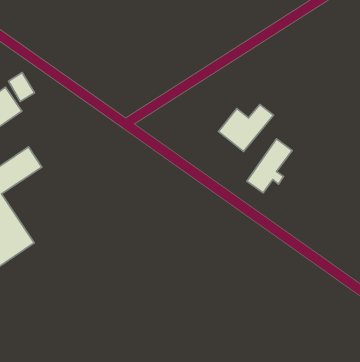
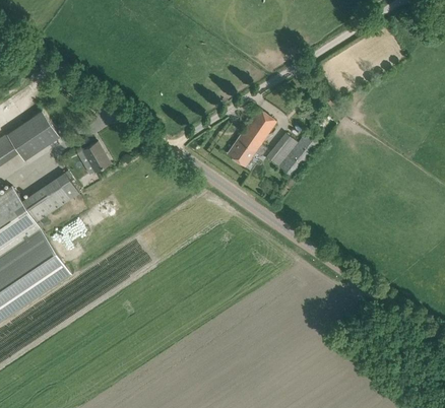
building: [9,73,35,101] -> [81,142,109,173]
building: [247,139,292,193] -> [227,110,274,166]

